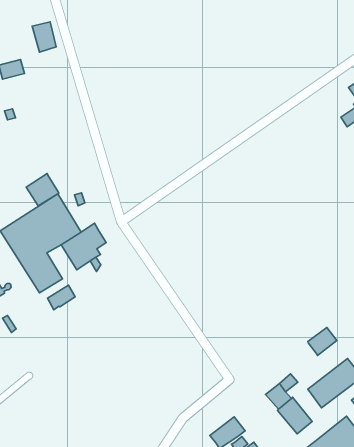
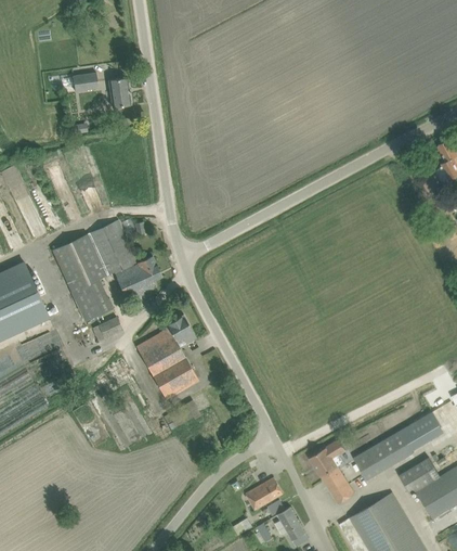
building: [32,22,56,52] -> [108,77,131,107]
building: [26,174,59,206] -> none
building: none -> [138,315,198,399]
building: [308,327,337,356] -> none

